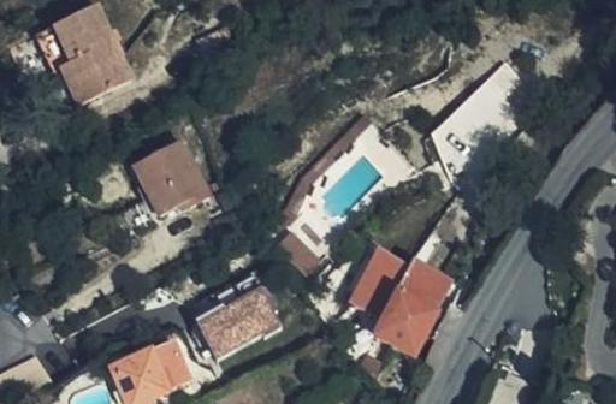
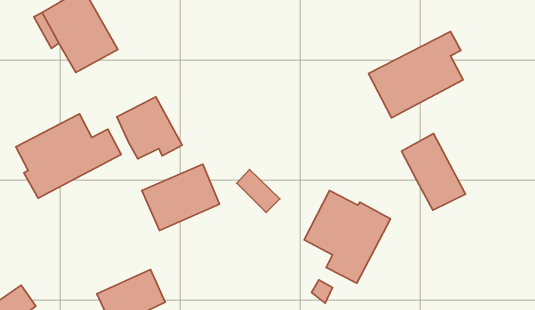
building: none -> [16,114,121,198]
building: none -> [402,133,465,210]
building: [194,277,283,352] -> [142,164,220,231]

